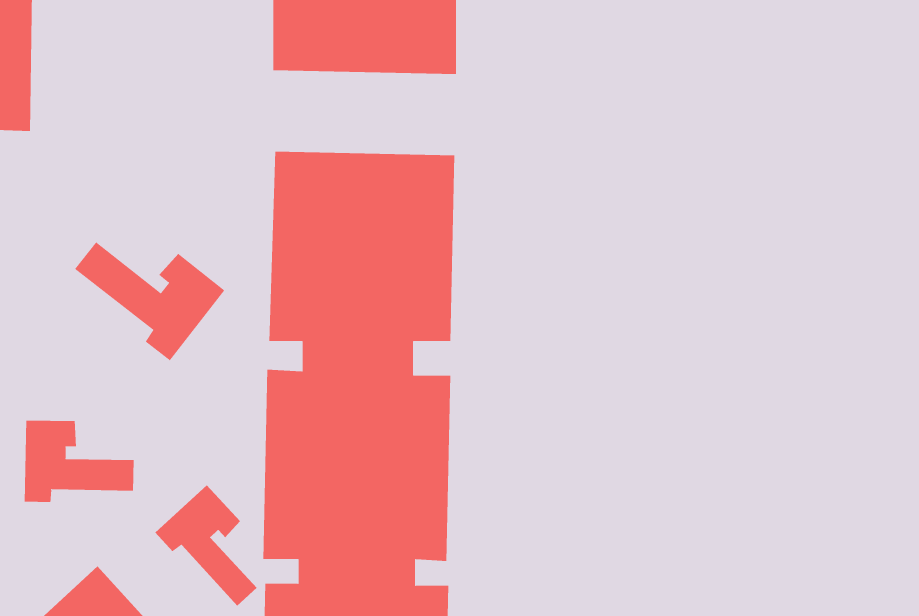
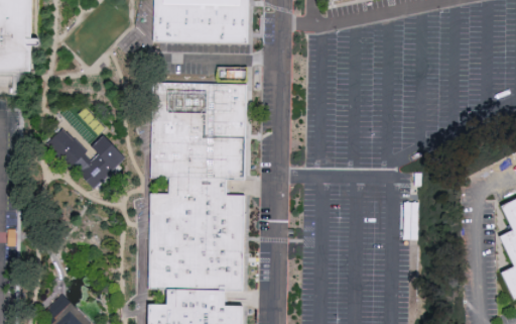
building: [24,420,134,503] -> none
building: [155,485,257,607] -> none

